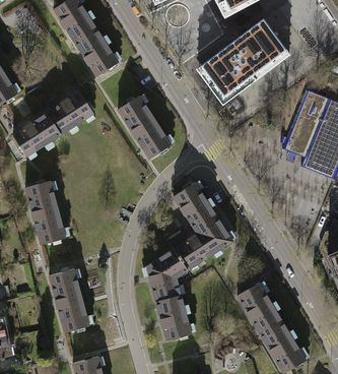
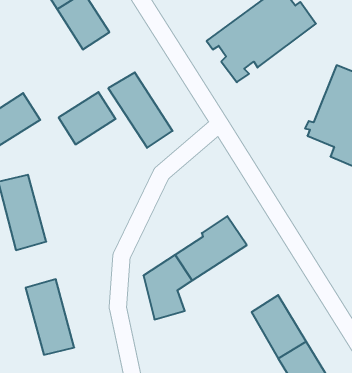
building: [45,91,92,135] -> [59,92,116,144]
building: [172,181,215,230] -> none
building: [154,295,190,339] -> none

